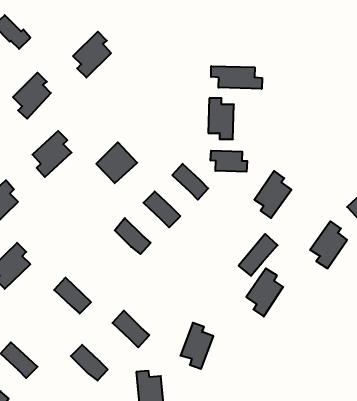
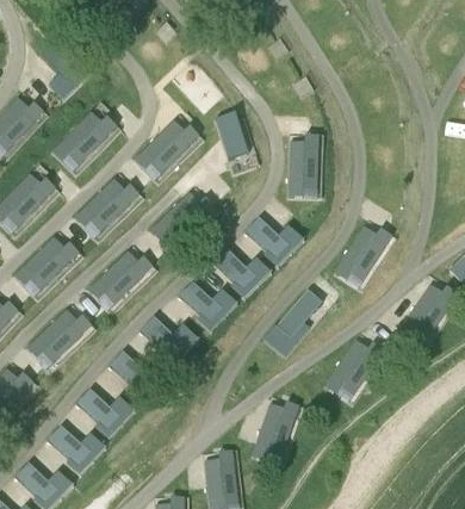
building: [73,32,111,78] -> [144,123,188,176]
building: [211,66,262,89] -> none
building: none -> [216,113,249,161]
building: [211,151,247,172] -> none
building: none -> [99,253,143,306]
building: [239,234,278,276] -> [277,291,322,340]
building: [112,311,149,347] -> [141,317,184,360]
building: [71,345,108,381] -> [76,390,119,432]

